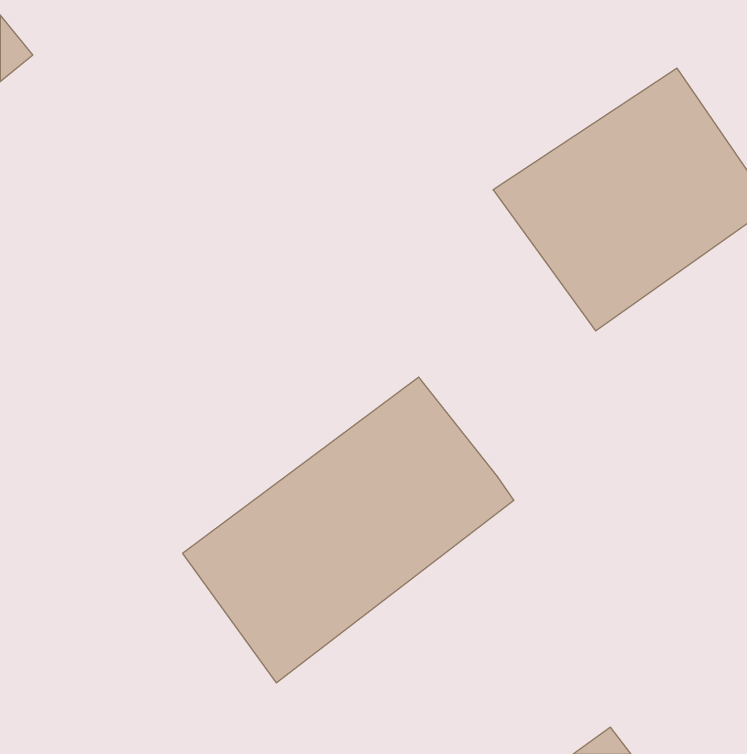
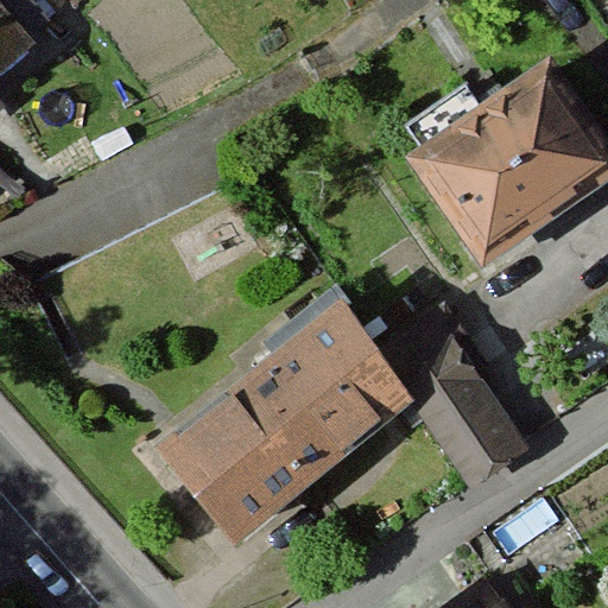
building: none -> [407,348,514,466]

